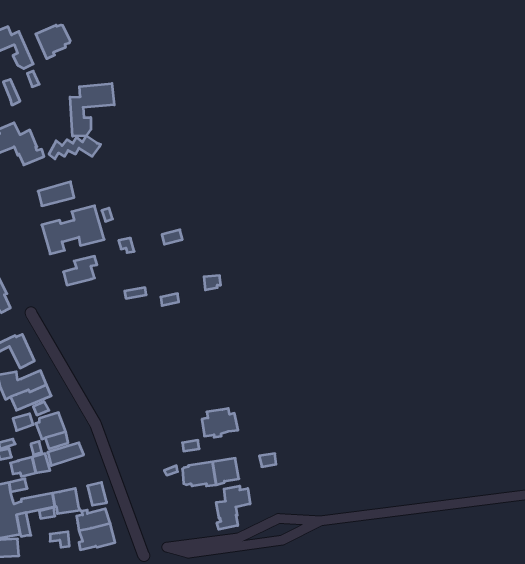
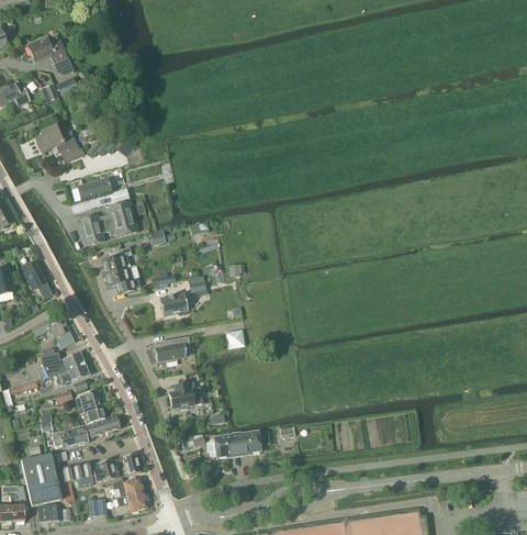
building: [36,25,70,59] -> none
building: [70,83,114,136] -> none
building: none -> [103,266,139,292]
building: none -> [158,292,188,315]
building: none -> [154,337,189,361]
building: [202,408,238,437] -> [169,382,202,409]
building: [216,486,250,529] -> none

